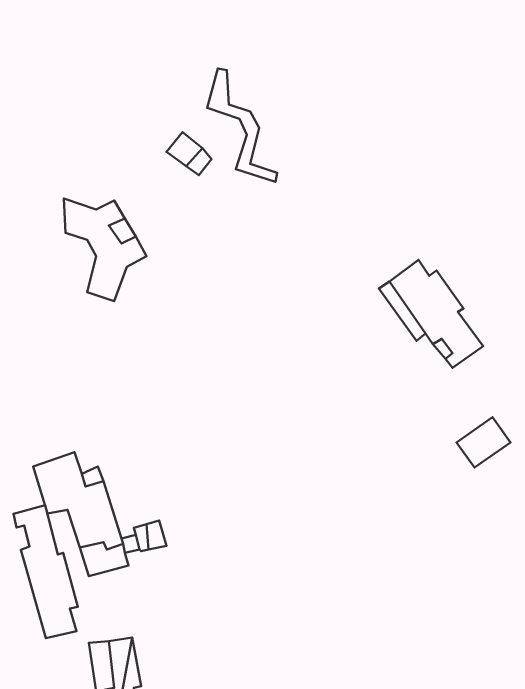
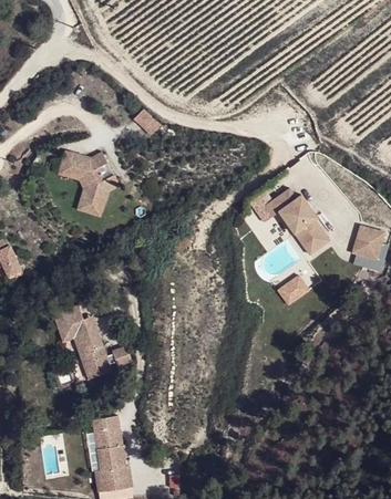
building: [207,68,277,182] -> [58,148,101,218]
building: [457,417,511,468] -> [280,272,313,303]
building: [13,505,78,638] -> none

